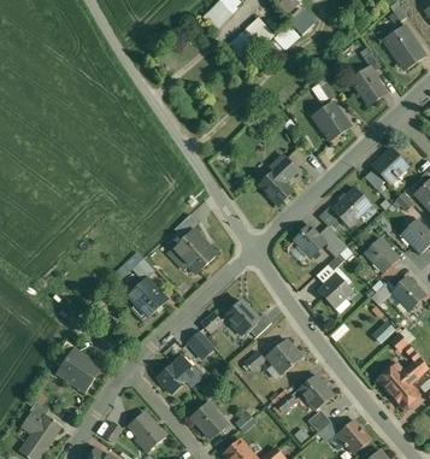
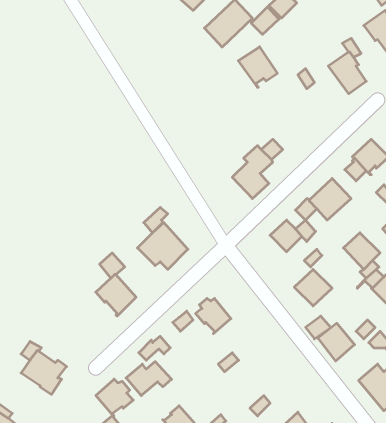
building: [312,101,349,140] -> [238,47,277,87]
building: [265,339,301,373] -> none
building: [298,373,332,410] -> [318,323,355,361]
building: none -> [96,379,133,416]

